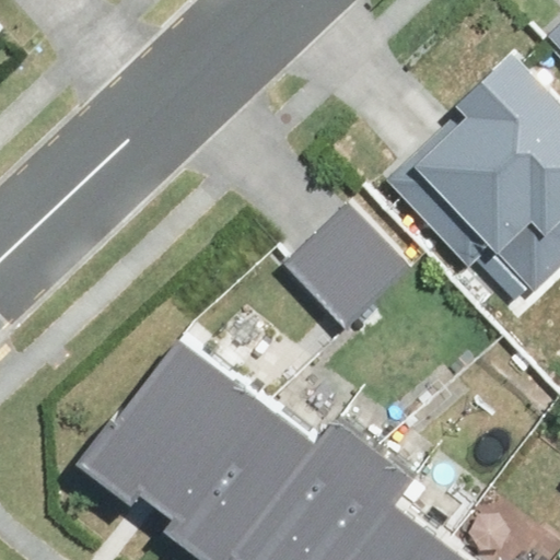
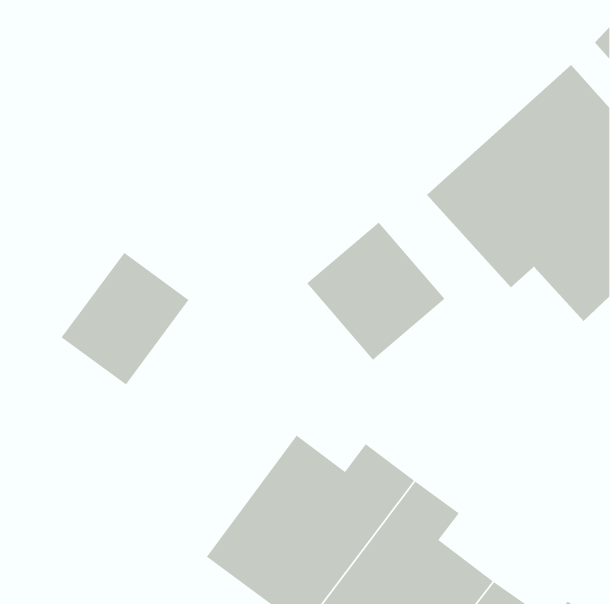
building: none -> [61,252,190,385]
building: [96,340,268,516] -> none

